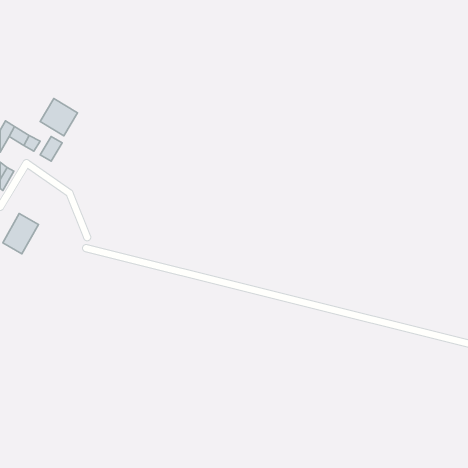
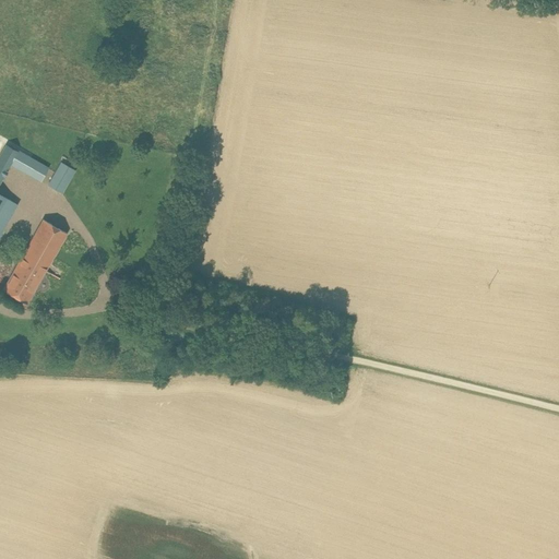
building: [40,99,78,136] -> none
building: none -> [23,219,67,267]

